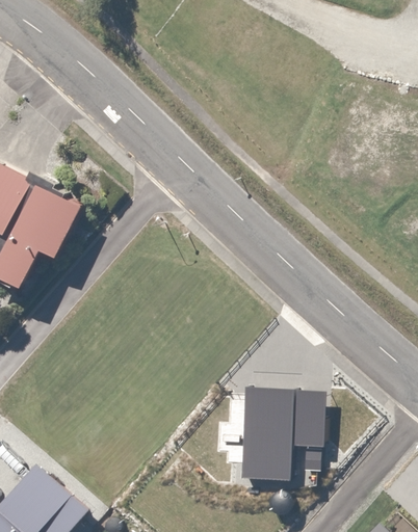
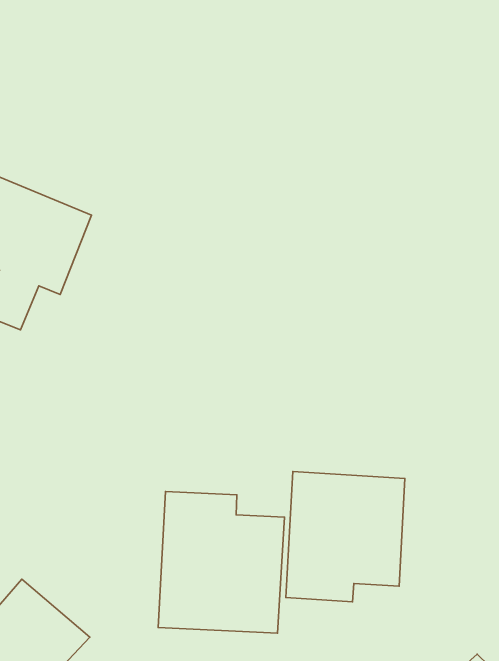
building: none -> [158,491,284,633]

